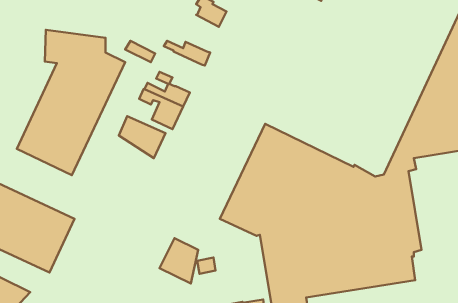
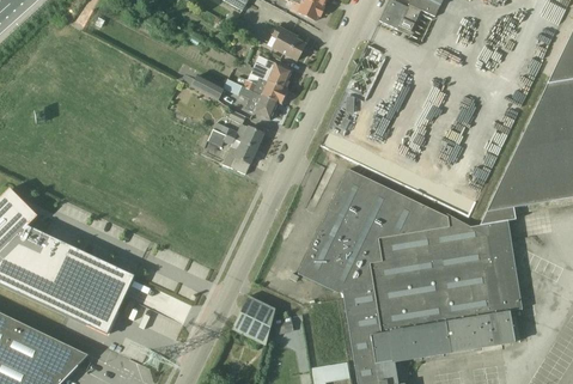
building: none -> [250,59,292,87]
building: [17,30,125,175] -> none
building: none -> [234,83,278,120]
building: [119,116,166,158] -> none

